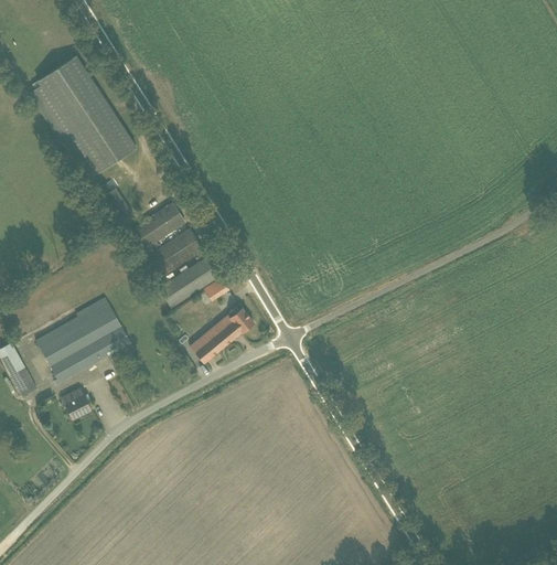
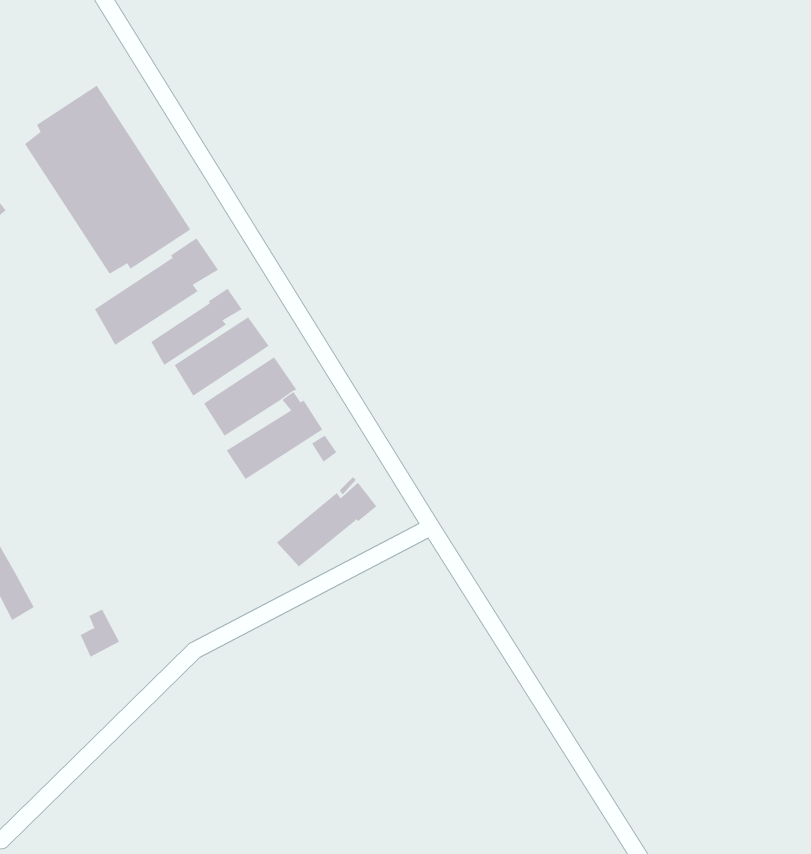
building: none -> [94,238,219,346]
building: none -> [150,288,242,366]
building: [35,296,130,383] -> none

